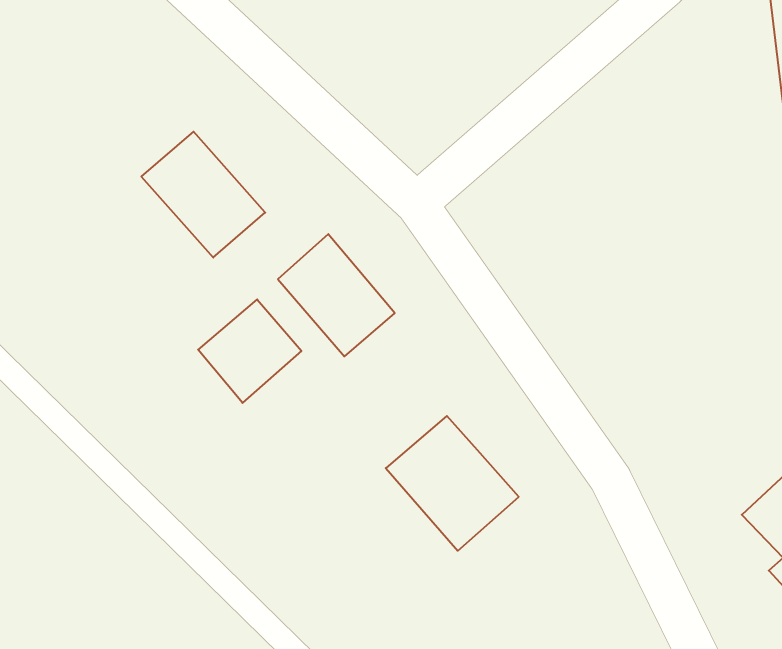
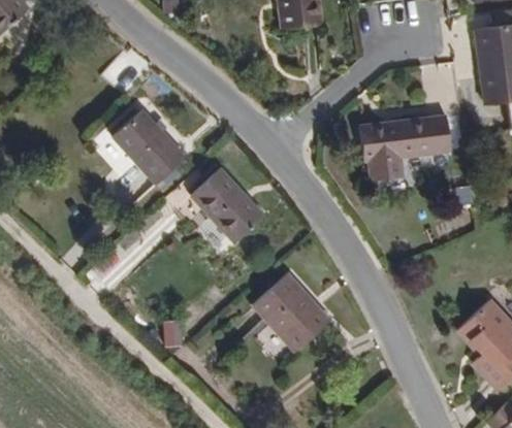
building: none -> [361,118,447,182]
building: [198,299,301,403] -> none

